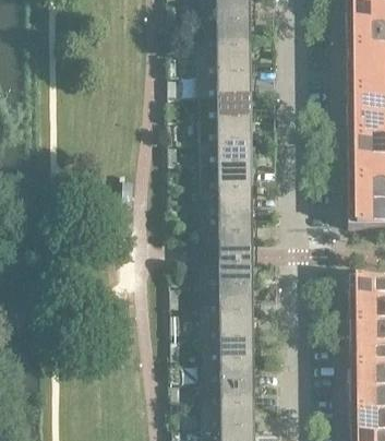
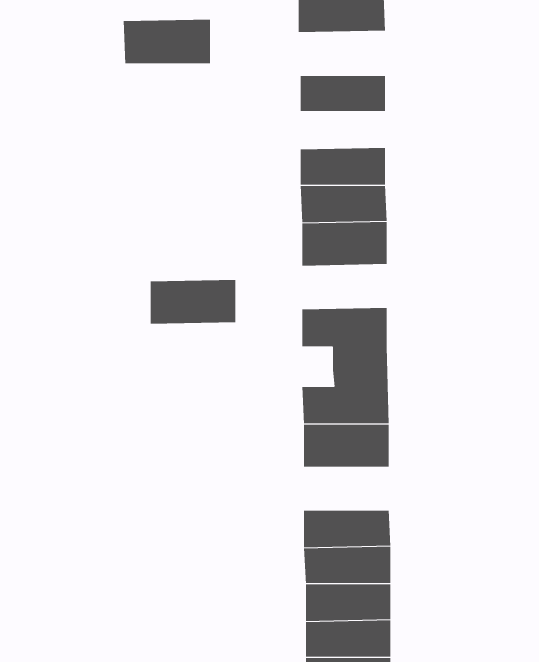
building: [198,45,252,72] -> [123,19,211,64]
building: [200,94,252,117] -> none
building: [201,187,253,214] -> [150,279,236,324]
building: [202,310,254,336] -> none

